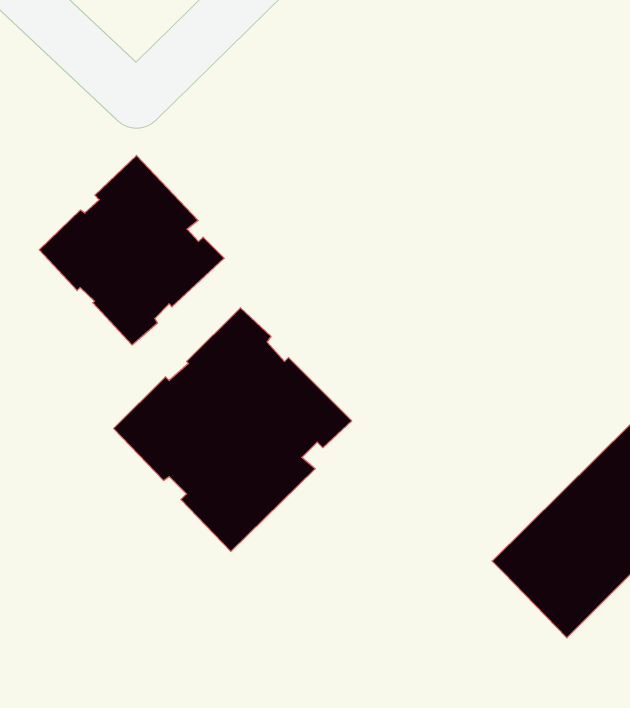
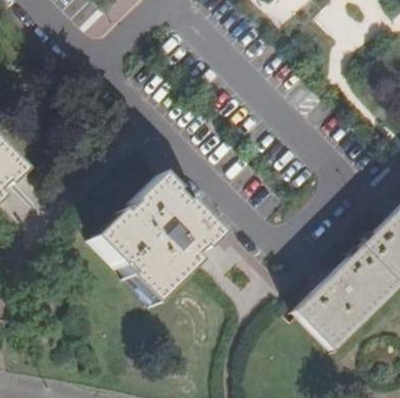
building: [39,155,224,345] -> none

